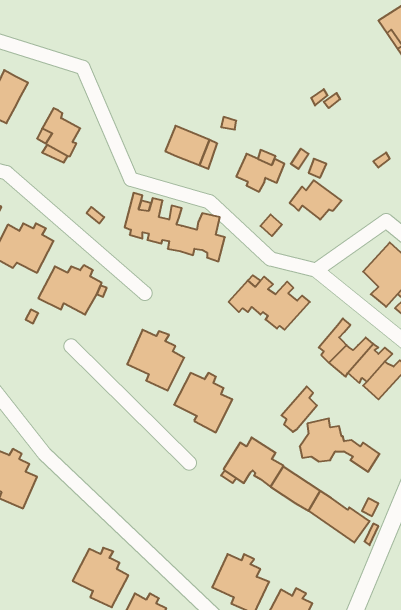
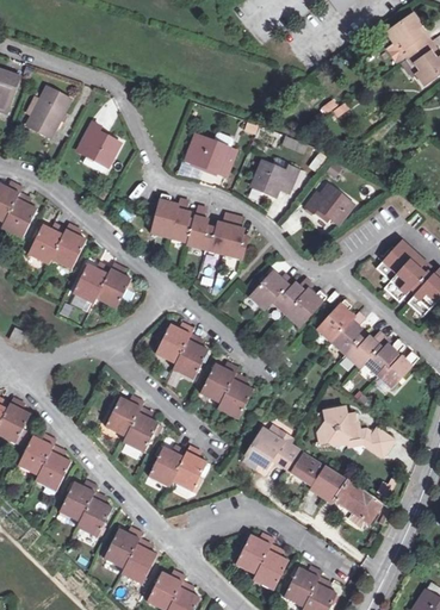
building: [281,386,317,432] -> [321,299,354,342]
building: none -> [105,396,159,453]
building: none -> [149,446,206,492]
building: none -> [60,481,112,537]

